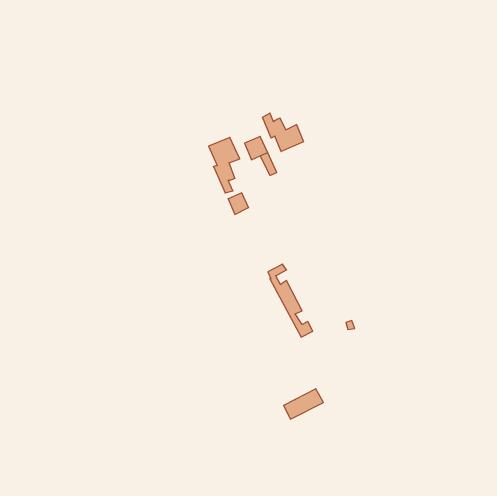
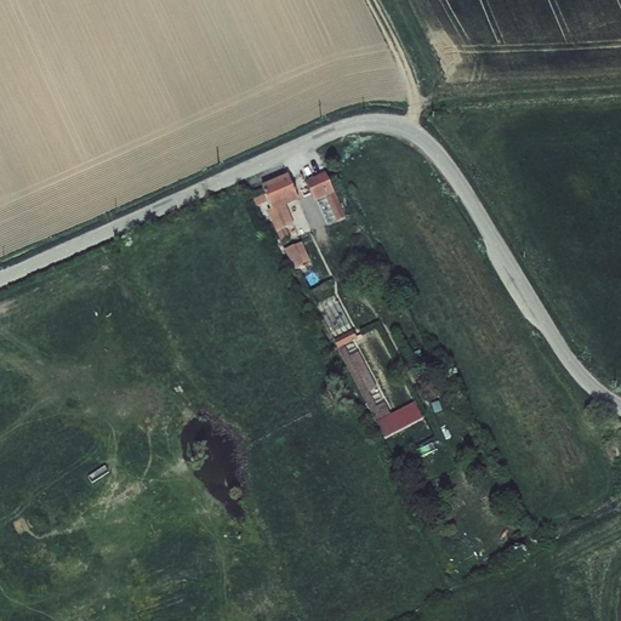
building: [263,113,303,152] -> none
building: [284,389,323,419] -> [375,399,425,437]

